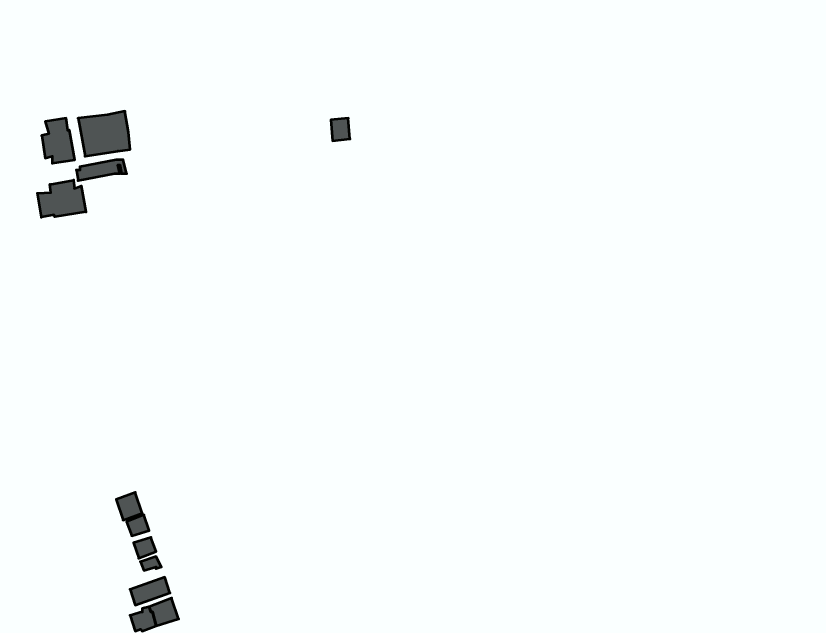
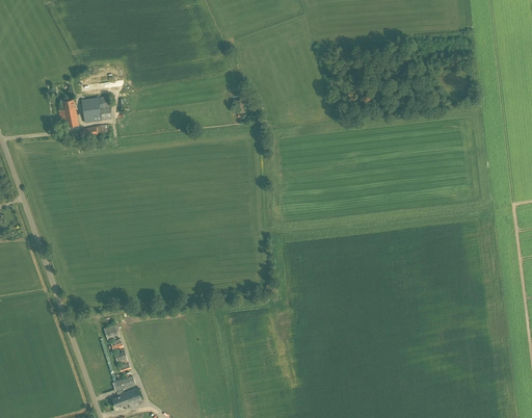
building: [37,180,86,217] -> none

